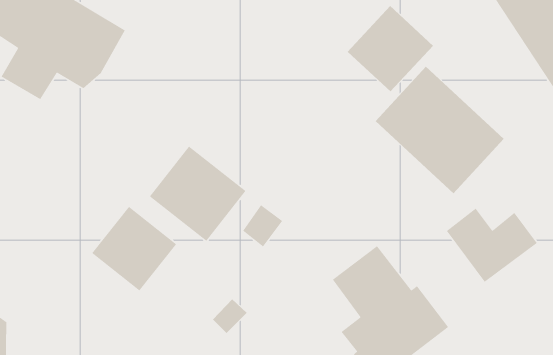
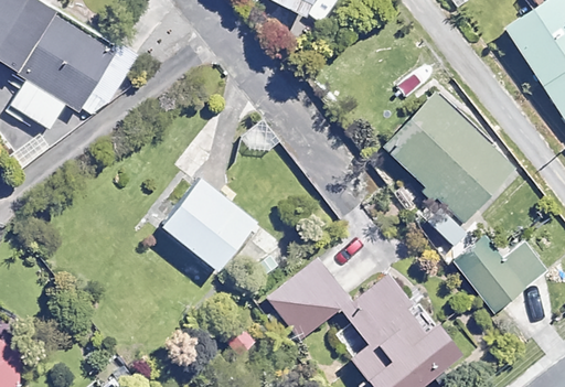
building: [347,5,434,92] -> none
building: [91,206,177,292] -> none
building: none -> [268,258,350,338]

